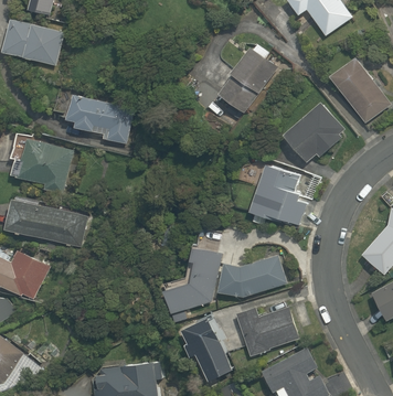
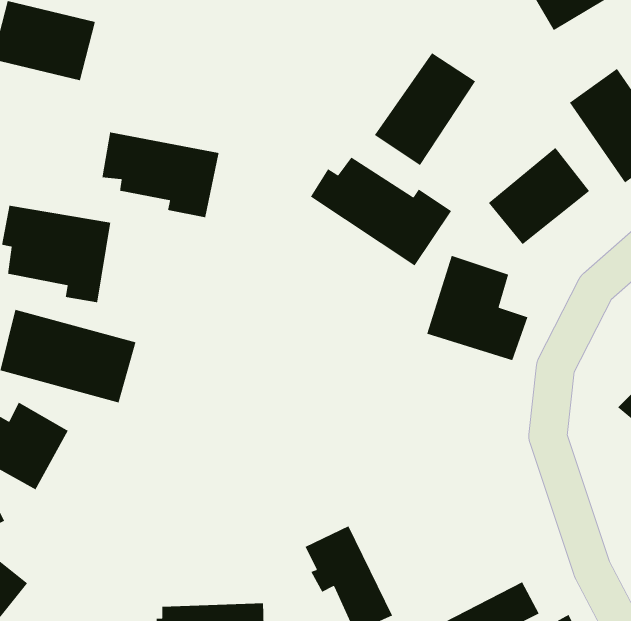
building: none -> [310,156,452,267]
building: [161,248,219,312] -> none
building: [220,254,286,295] -> none
building: [234,306,297,355] -> none

